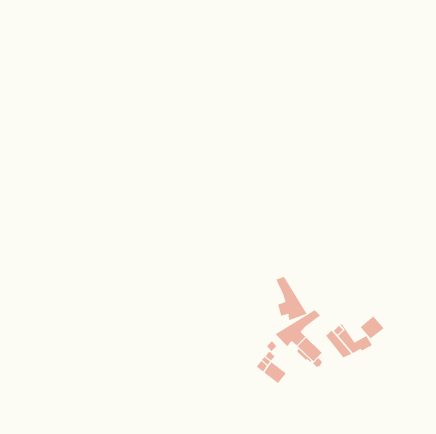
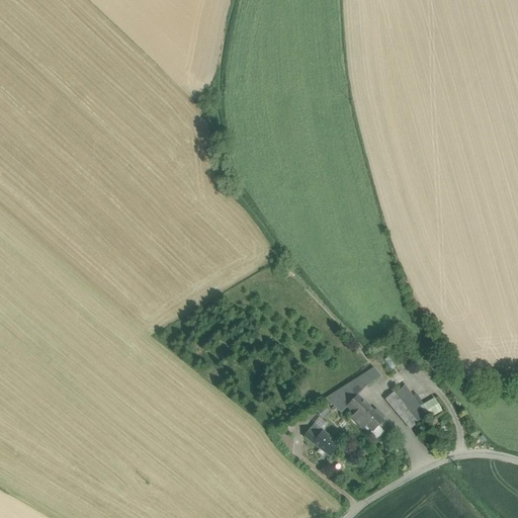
building: [275,276,307,321] -> none
building: [360,315,384,340] -> none

